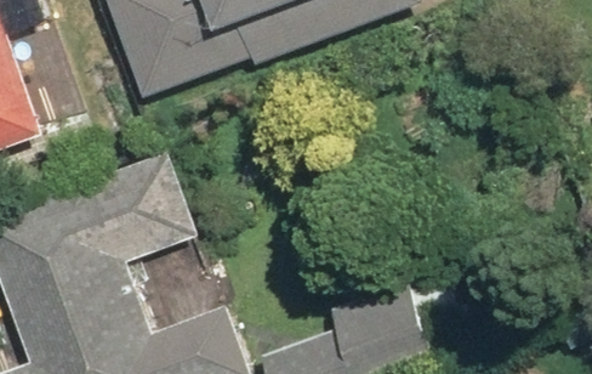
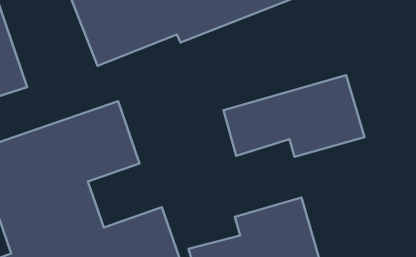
building: none -> [223,75,364,157]

